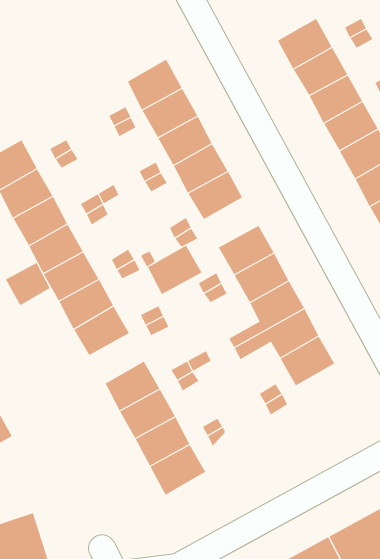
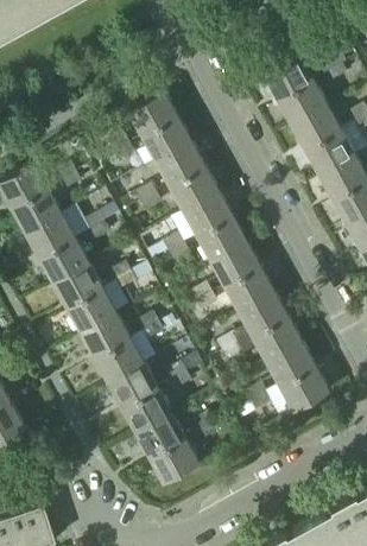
building: [147,245,202,295] -> [198,218,248,264]
building: [5,262,51,306] -> none
building: none -> [95,341,145,386]
building: none -> [281,368,331,413]

